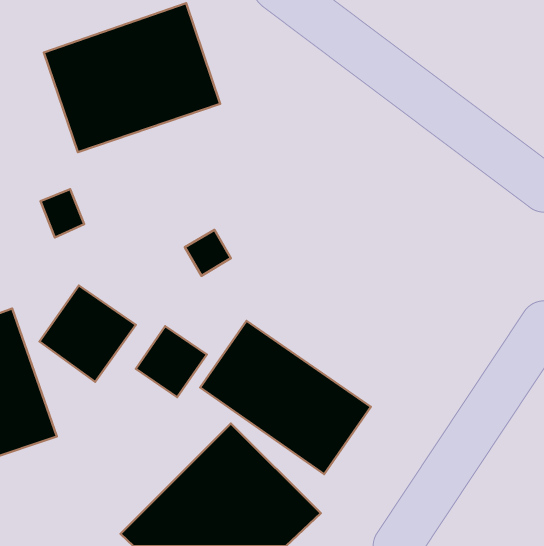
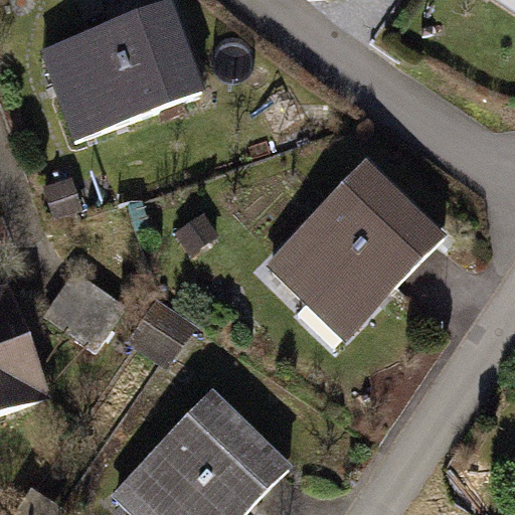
building: none -> [265,161,448,343]
building: [200,321,371,474] -> none

